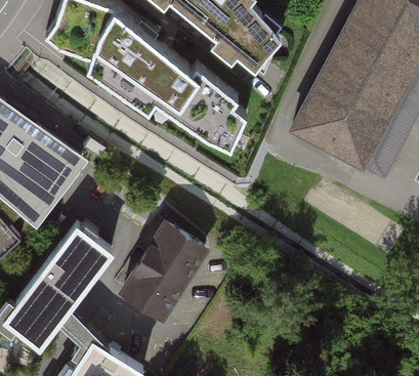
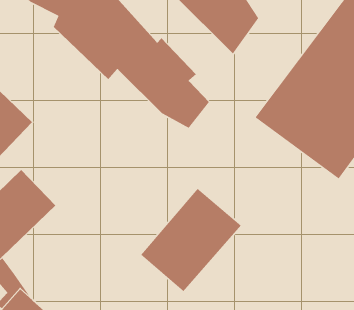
building: [118,214,211,317] -> [140,188,242,292]

